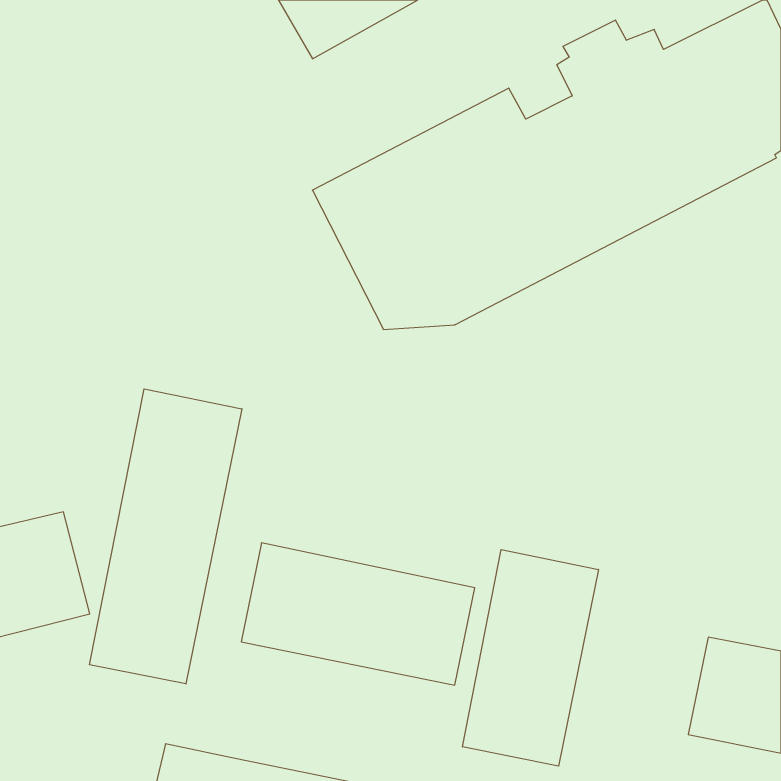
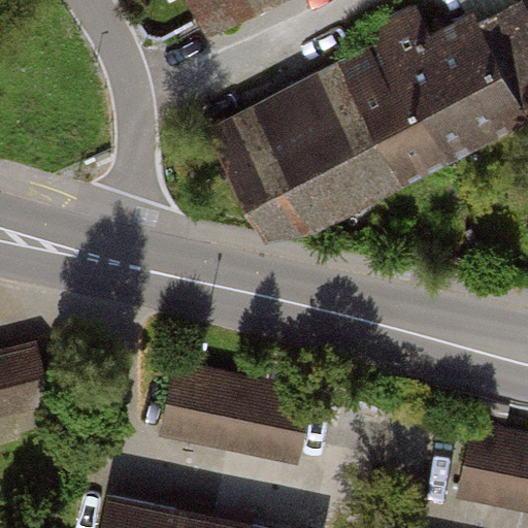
building: [90,389,242,684] -> none
building: [463,550,598,766] -> none

